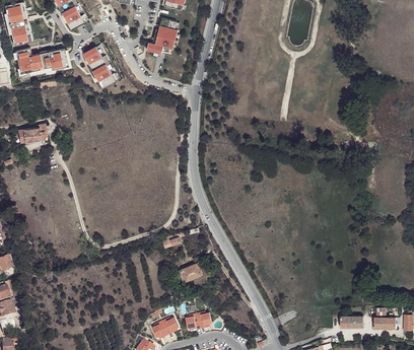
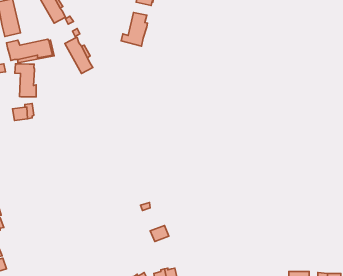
building: none -> [15,64,36,97]

